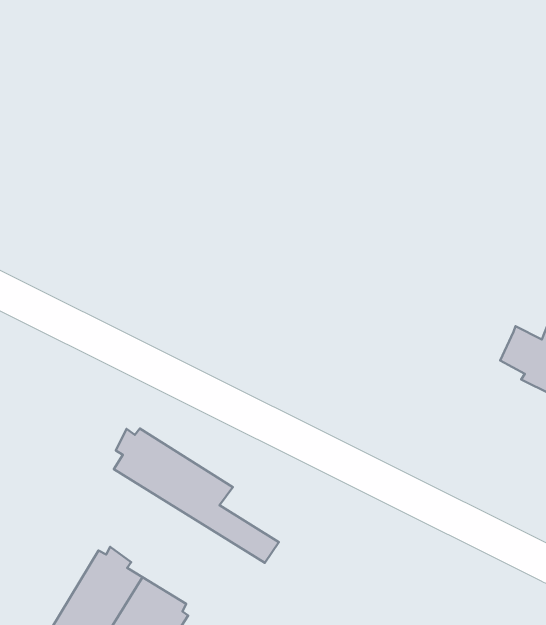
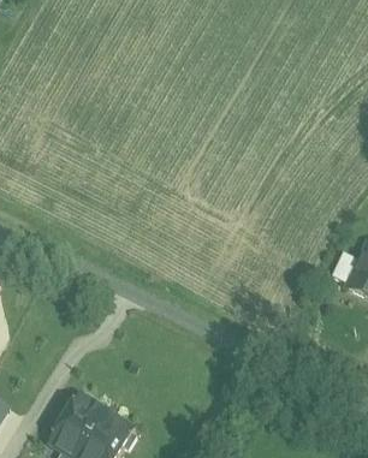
building: [114,429,279,563] -> none

